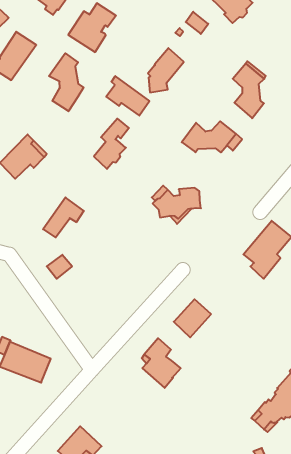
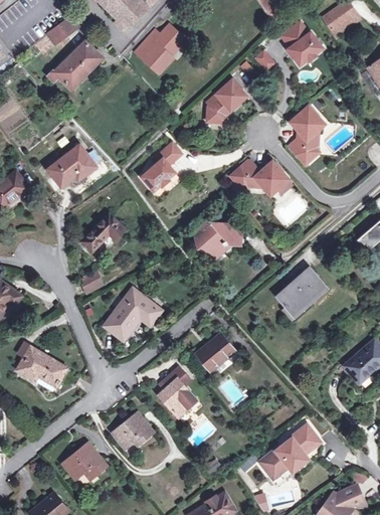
building: [49,53,84,111] -> none
building: [106,76,149,116] -> none
building: none -> [105,291,158,339]
building: none -> [112,411,153,448]

